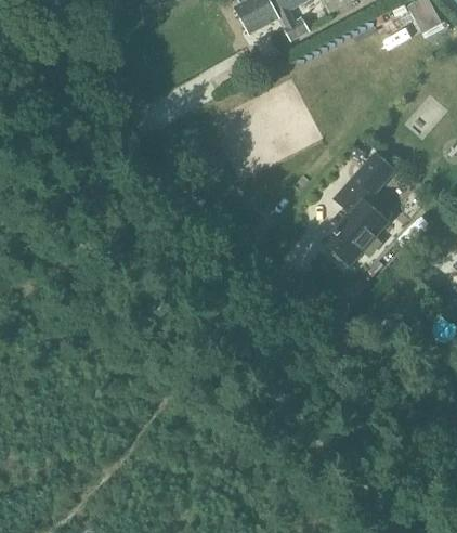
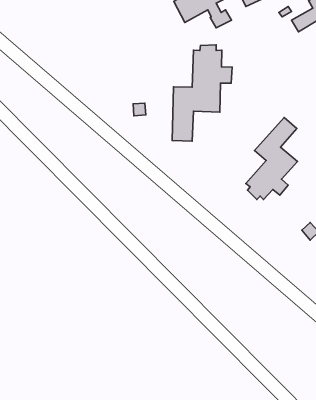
building: none -> [172,45,232,141]

